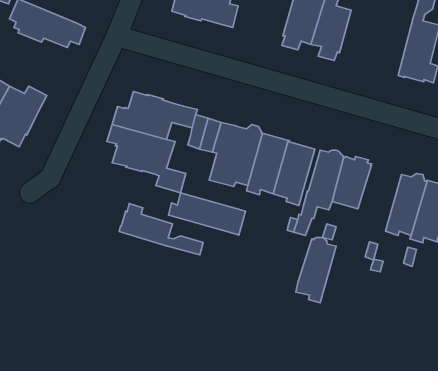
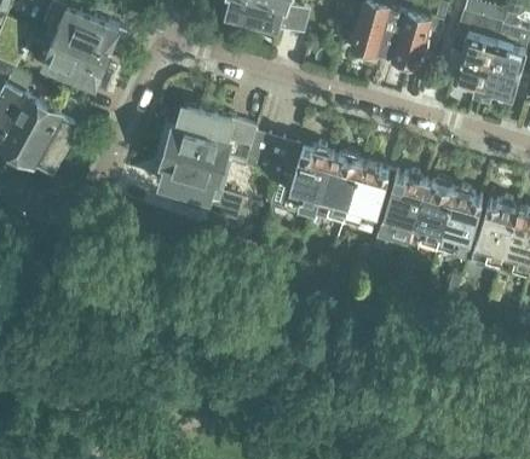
building: none -> [444,12,500,88]
building: none -> [41,40,114,91]
building: [169,193,246,235] -> none
building: [119,204,203,255] -> none
building: [296,238,336,303] -> [434,188,480,262]

